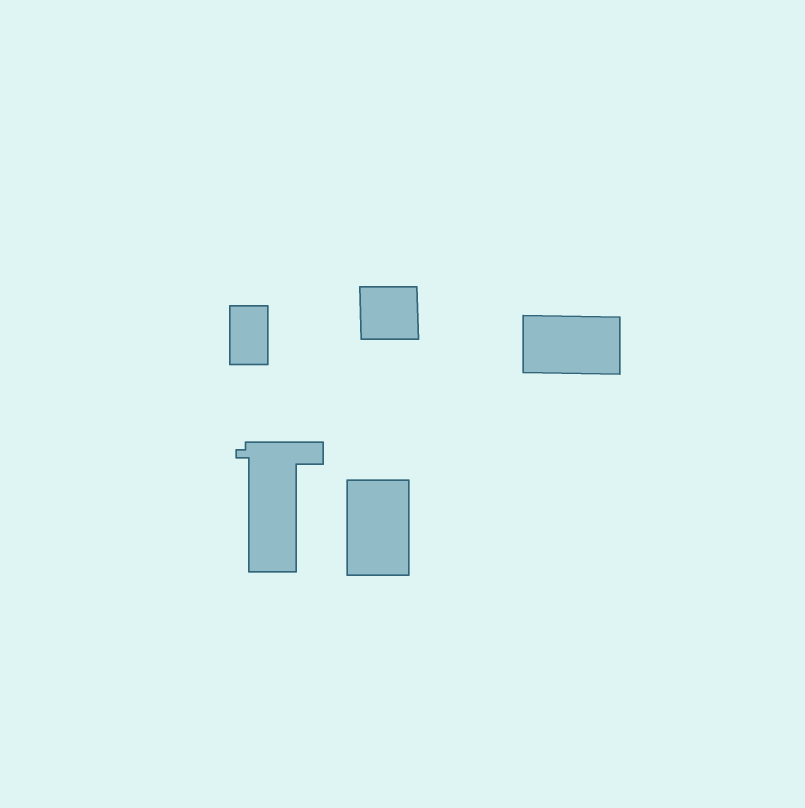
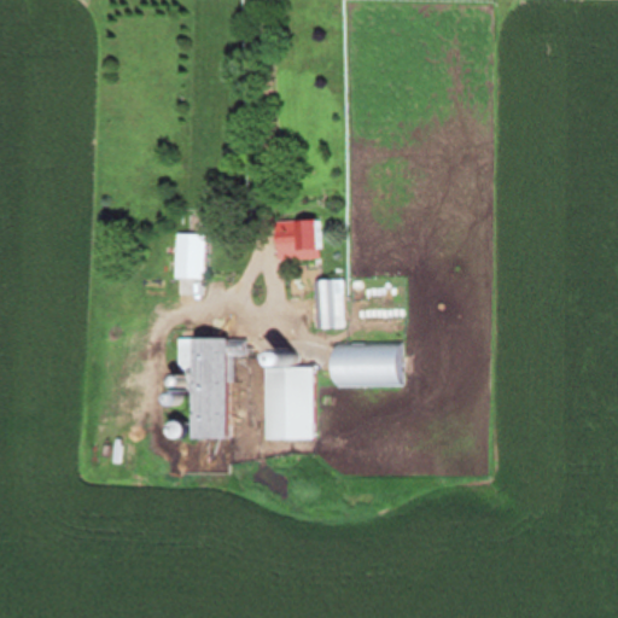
building: [523,315,620,374] -> [330,343,403,387]
building: none -> [315,280,343,328]

